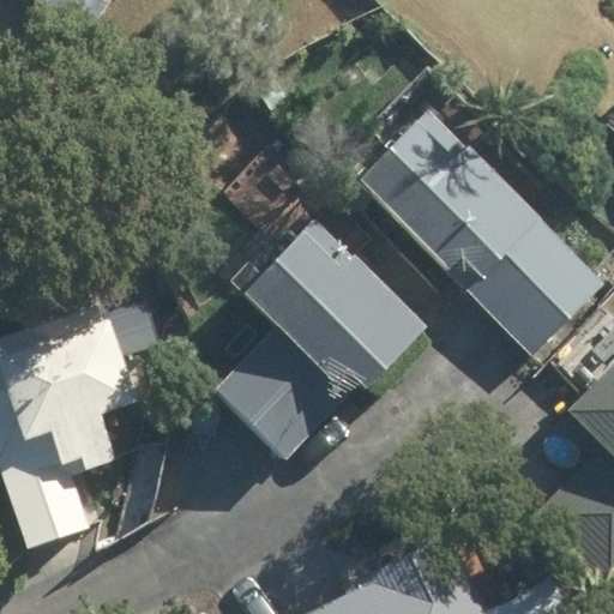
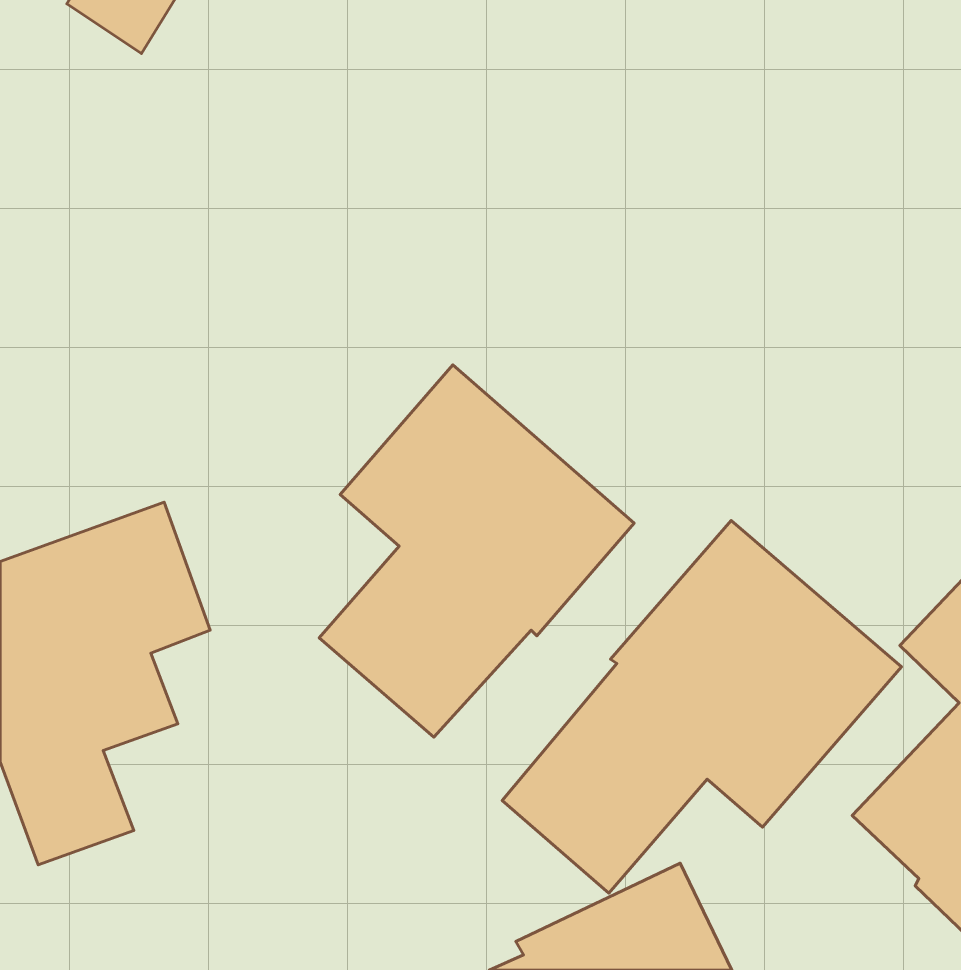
building: [366,109,608,351] -> none
building: none -> [502,521,902,893]

